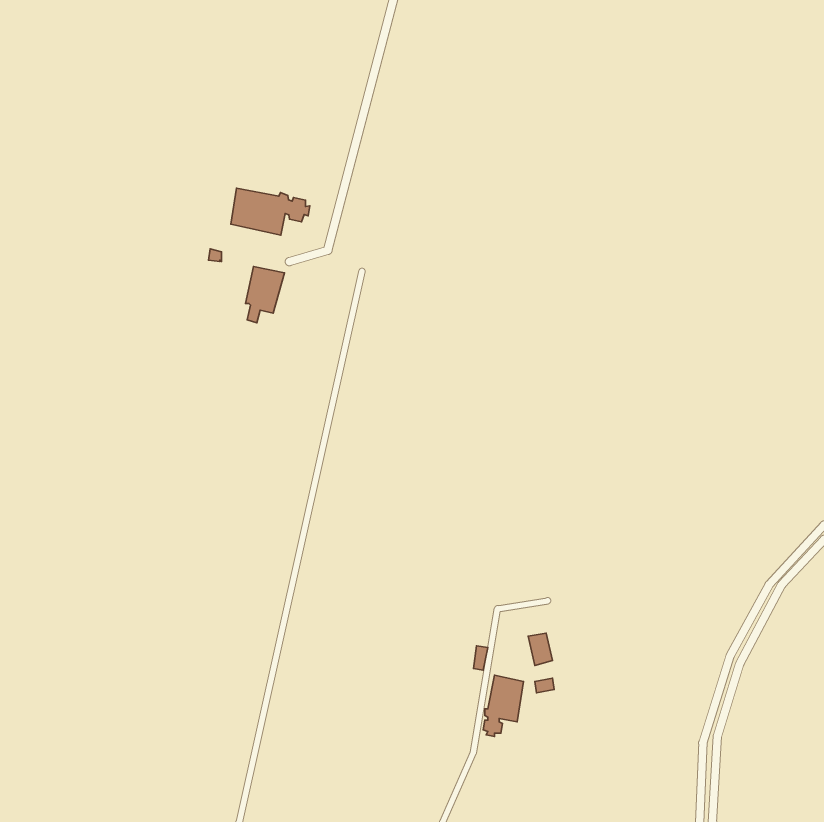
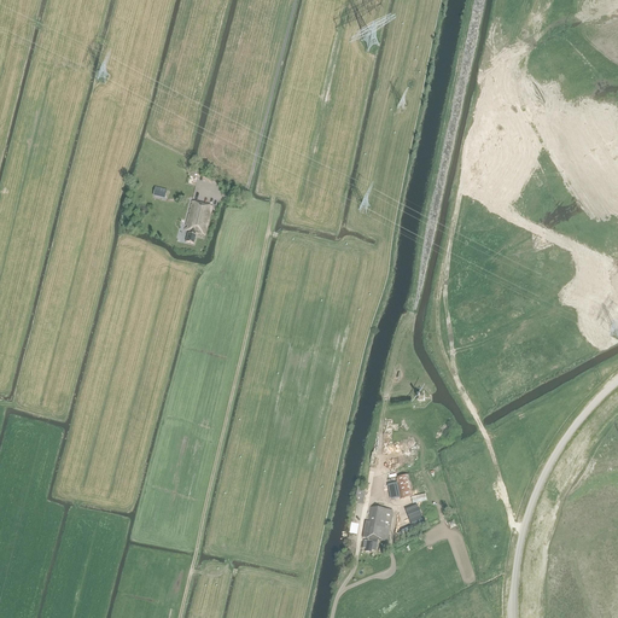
building: [231,188,310,235] -> none

